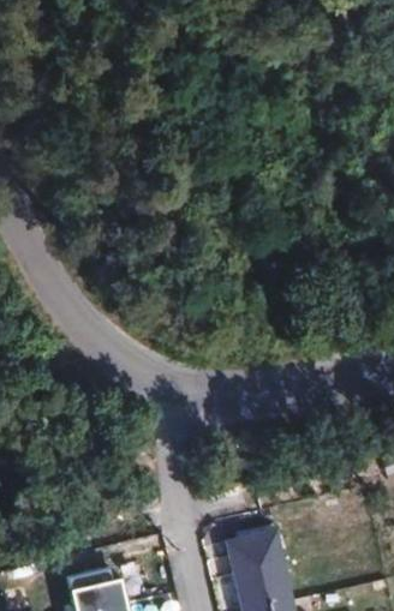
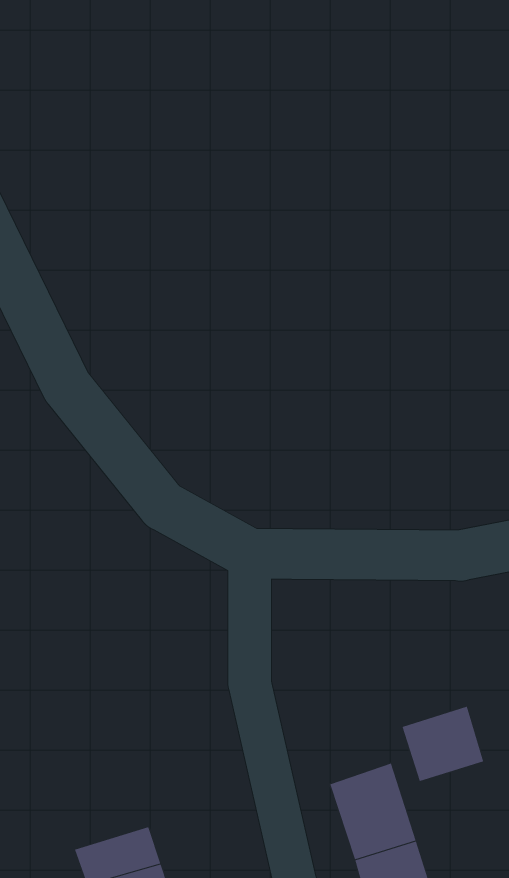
building: none -> [402,706,484,782]

